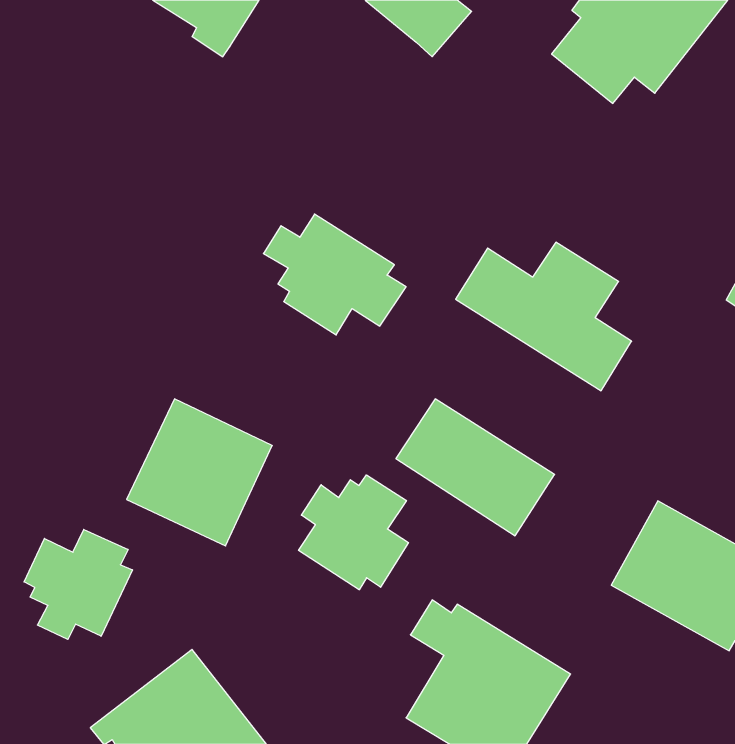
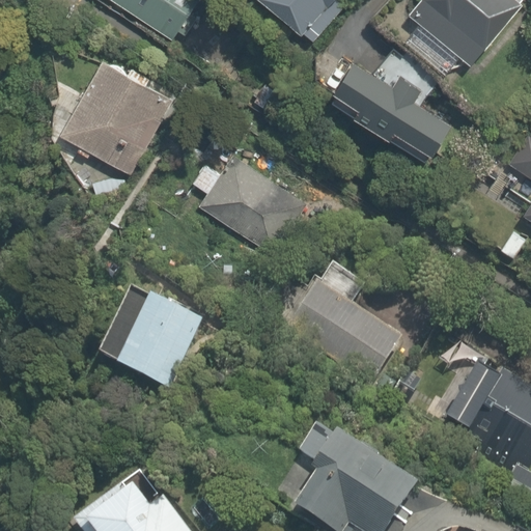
building: none -> [61,60,173,174]
building: [456,242,632,391] -> [322,51,447,157]
building: [299,475,408,590] -> none
building: [24,529,132,639] -> none

